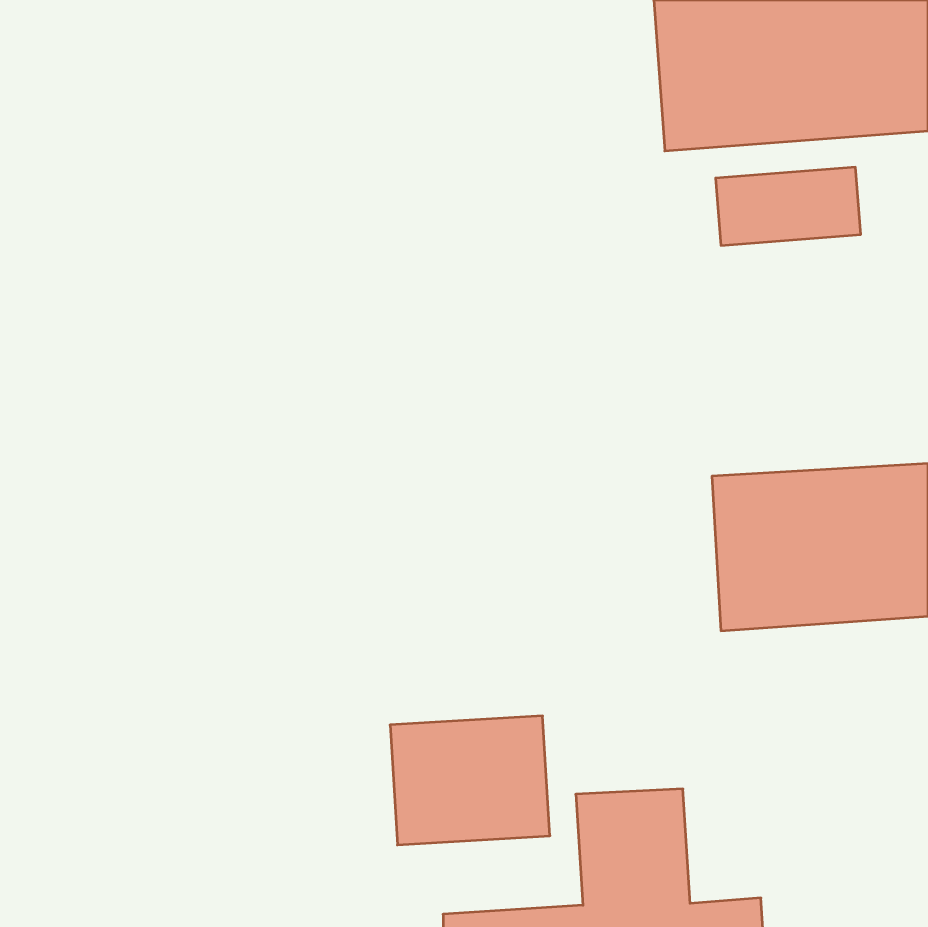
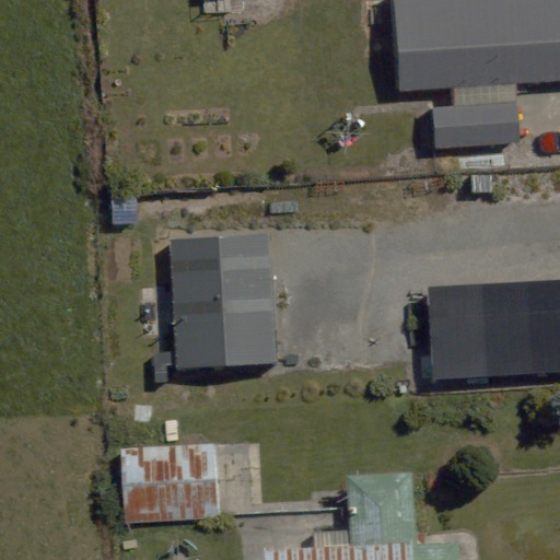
building: none -> [170,233,277,369]
building: [390,716,550,845] -> [121,445,218,523]

